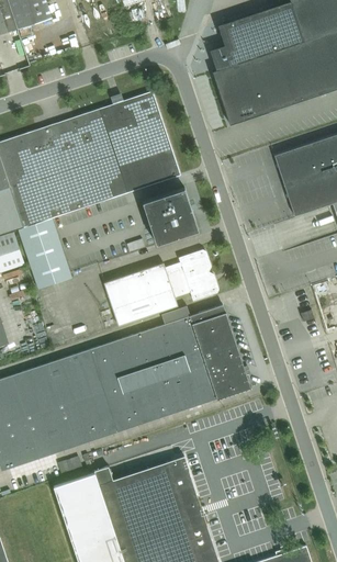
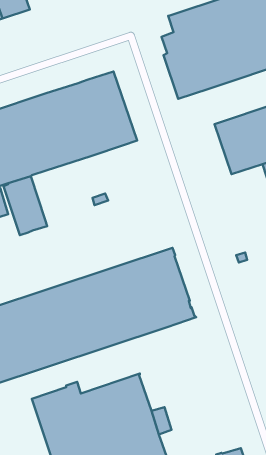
building: [142,188,198,244] -> none
building: [103,250,218,325] -> none

